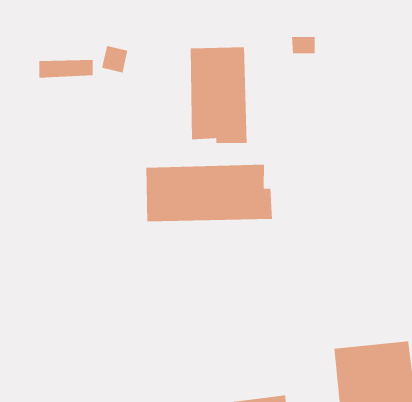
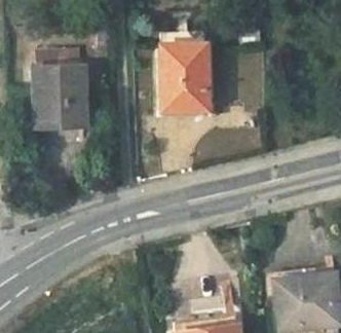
building: none -> [34,66,84,123]
building: [145,164,273,222] -> none

